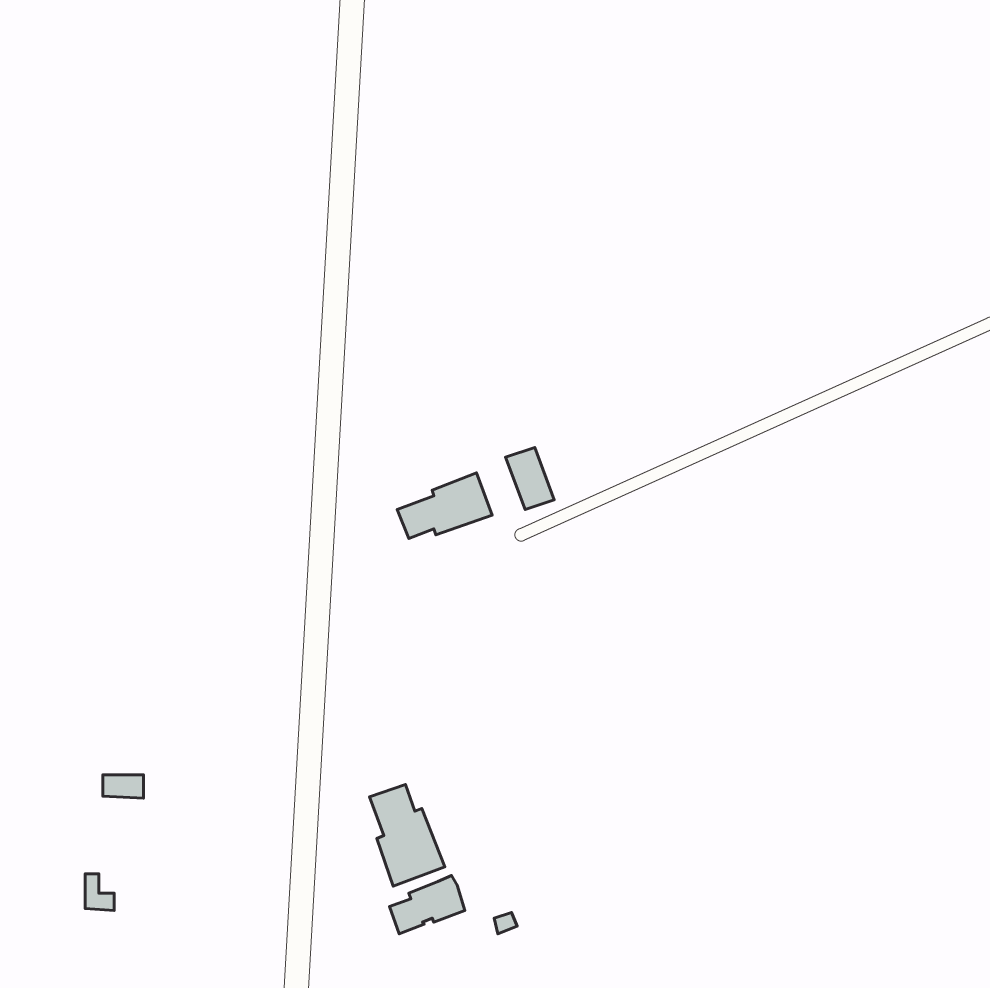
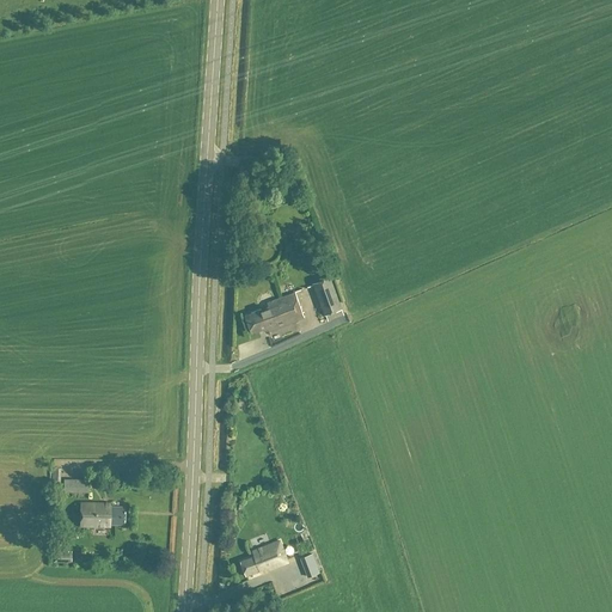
building: [369,784,445,886] -> none
building: none -> [76,502,123,525]

